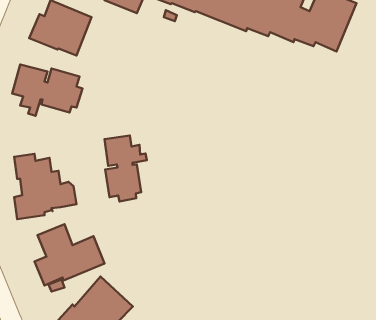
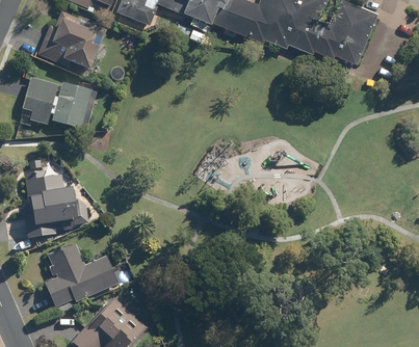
building: [104,136,147,201] -> none

